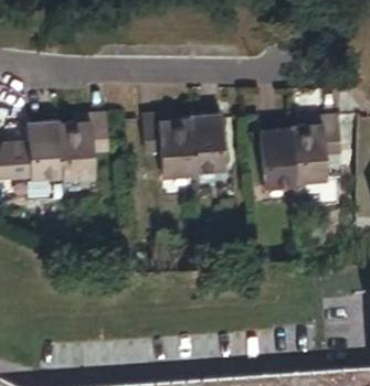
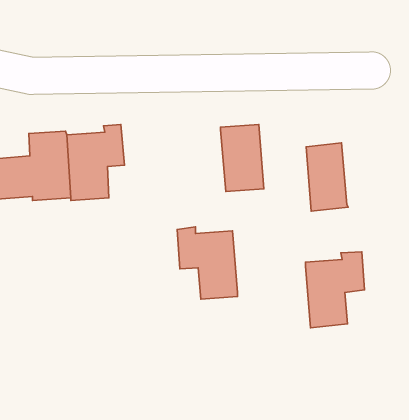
building: [144,108,194,169] -> [177,227,238,299]
building: [292,110,341,174] -> [305,252,365,328]

